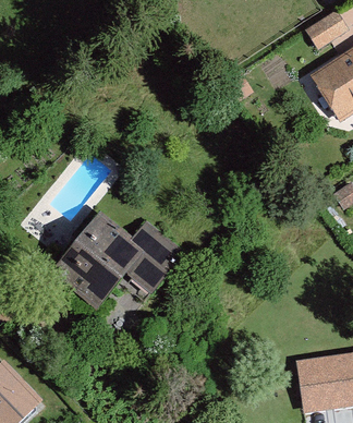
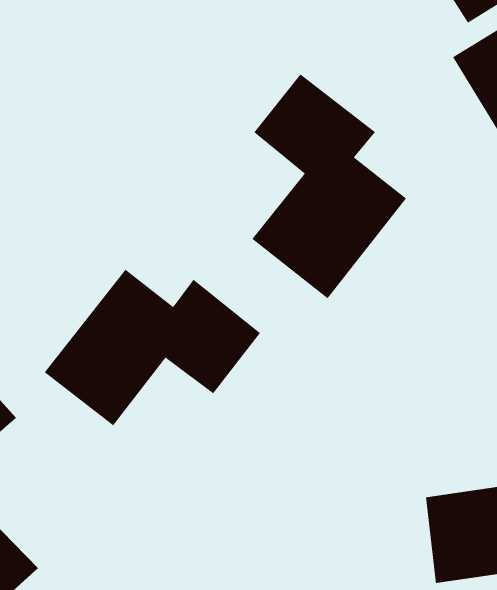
building: none -> [251,73,407,299]

